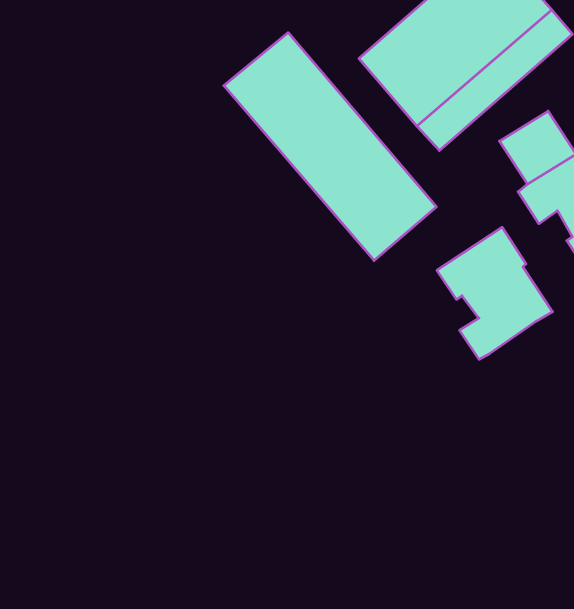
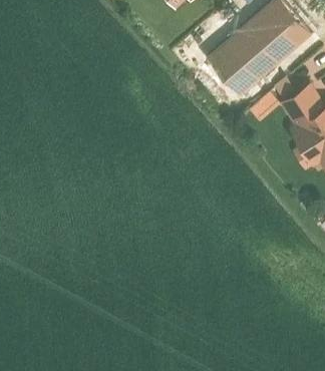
building: [224,33,436,261] -> none
building: [437,227,553,359] -> none

